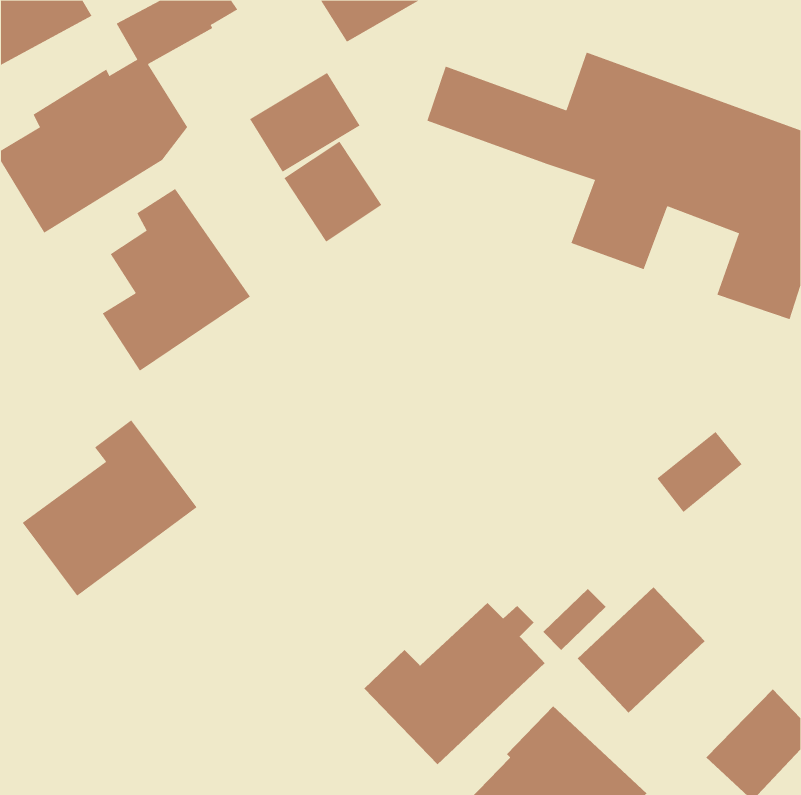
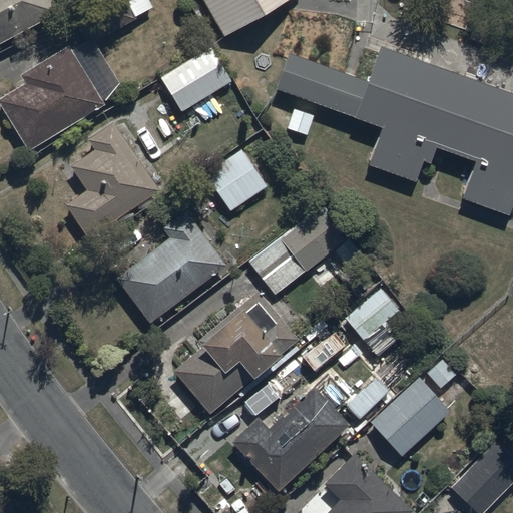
building: [283,141,382,243] -> [204,150,268,215]
building: none -> [247,212,358,298]
building: [22,419,197,597] -> [115,211,227,325]
building: [656,431,743,513] -> [344,291,399,343]
building: none -> [173,293,298,416]

